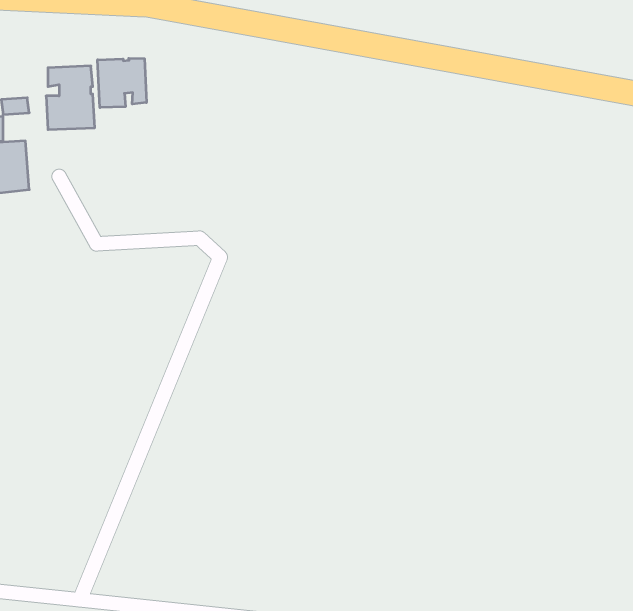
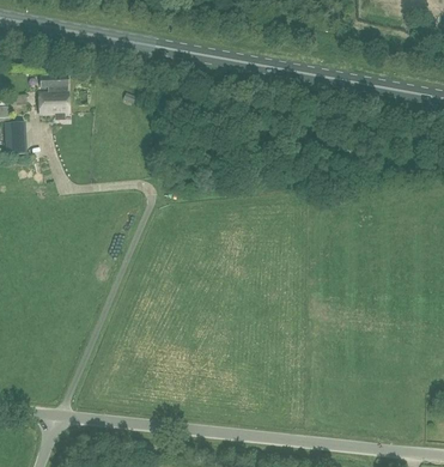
building: [98,58,146,108] -> none

